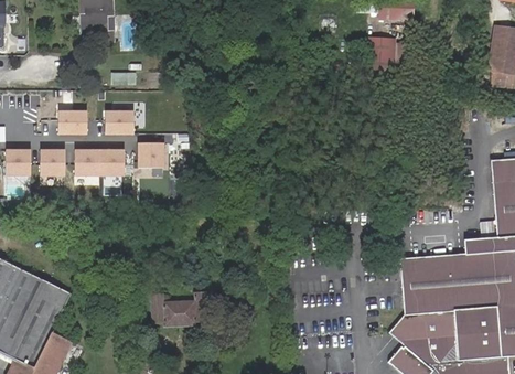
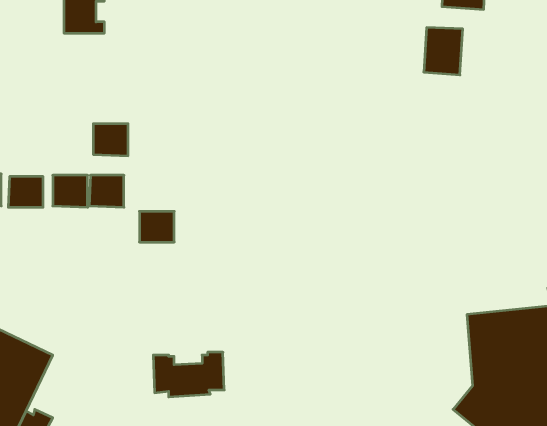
building: [58,113,86,137] -> none
building: [135,143,162,168] -> [139,211,174,242]

